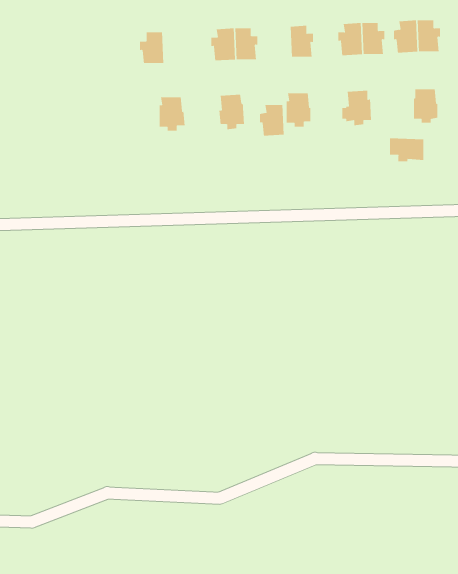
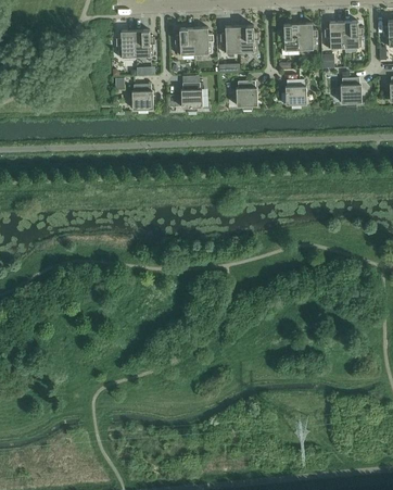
building: none -> [135,29,154,56]
building: [259,104,284,136] -> [219,26,240,52]
building: [389,138,424,162] -> none

